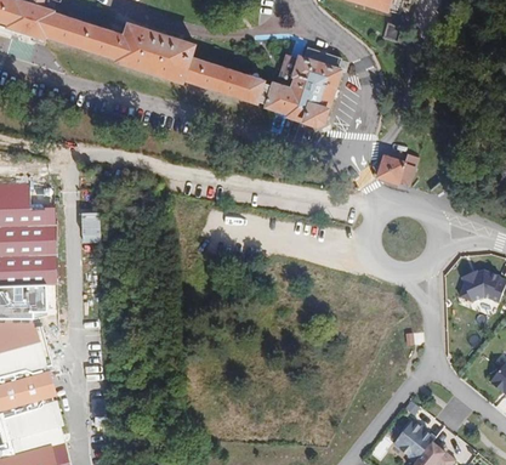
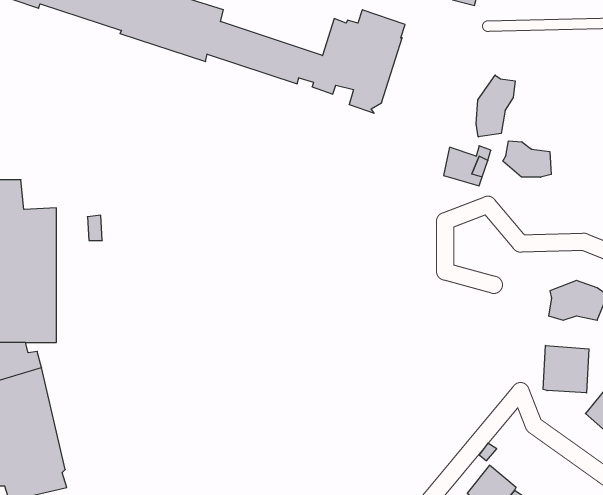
building: none -> [476,75,515,137]
building: none -> [503,141,551,177]
building: none -> [543,345,589,393]

